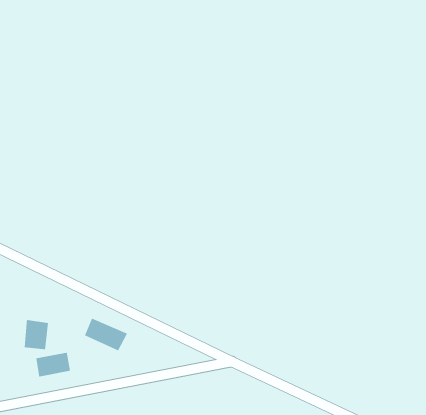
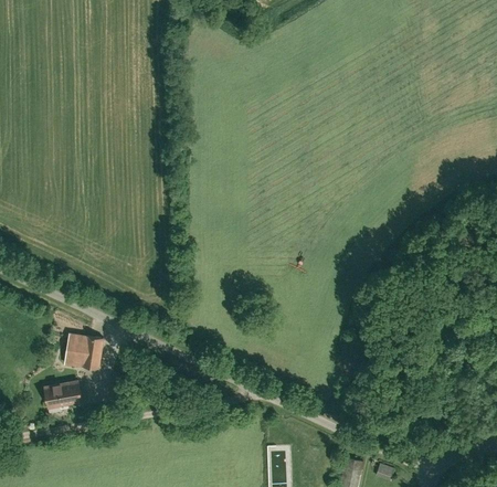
building: [24,320,49,350] -> [66,336,93,368]

